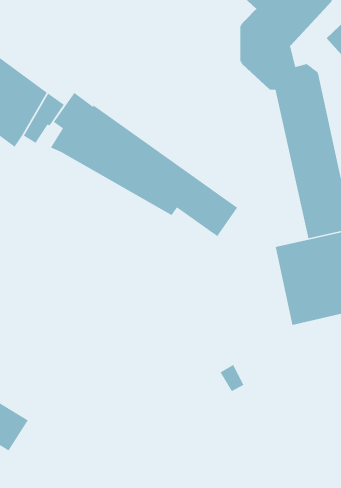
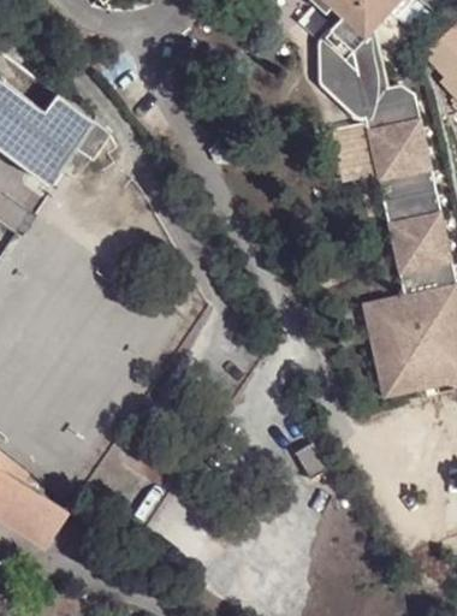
building: [50,92,238,237] -> none

